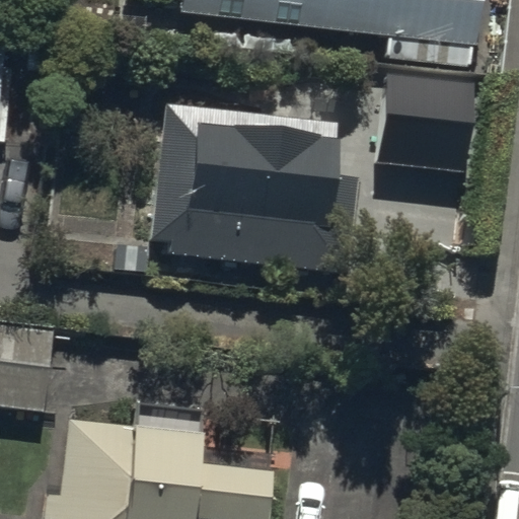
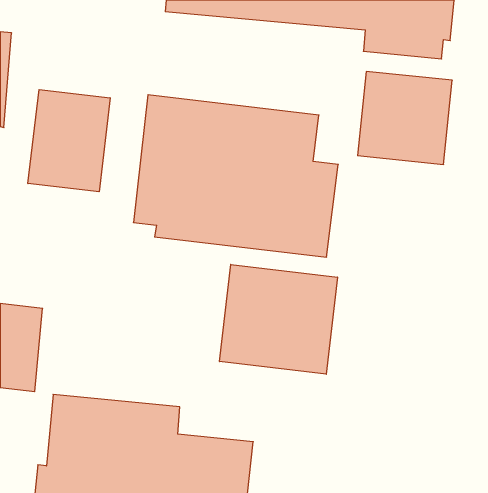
building: none -> [28,90,110,192]
building: none -> [220,264,337,374]

